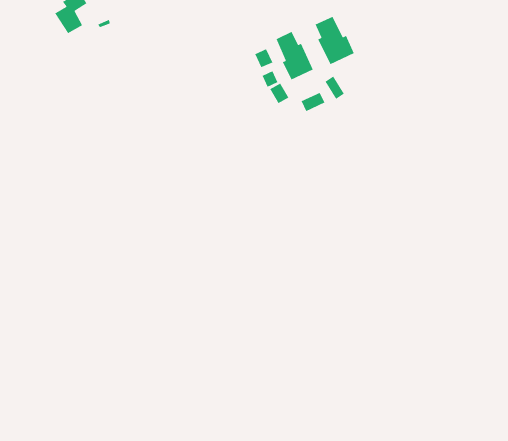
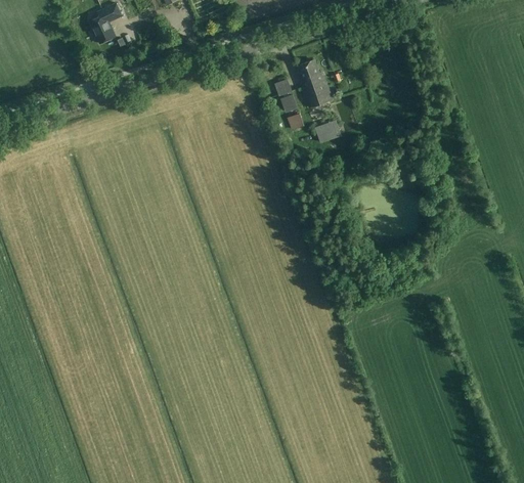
building: [315,16,355,65] -> none

